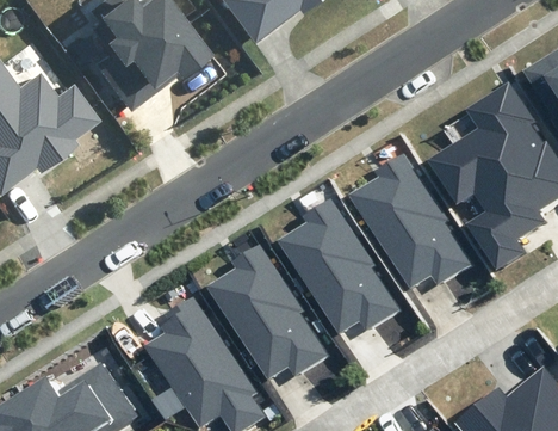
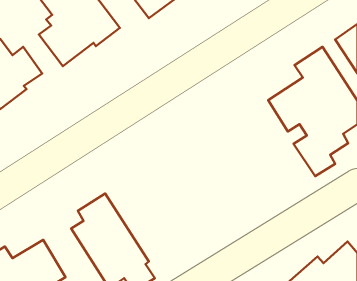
building: [349,155,470,290] -> none
building: [279,198,401,333] -> none
building: [207,245,329,380] -> none

